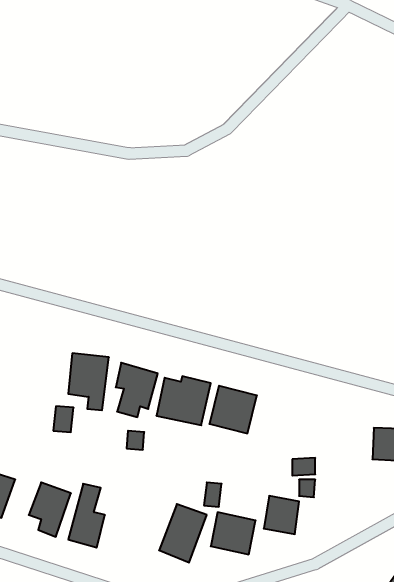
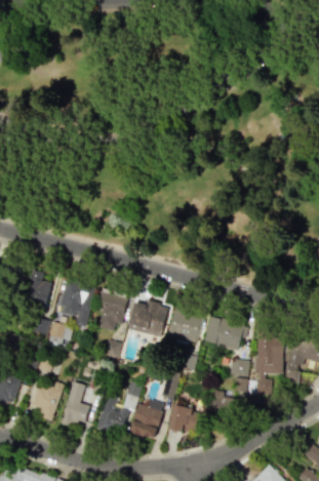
building: none -> [24,270,51,308]
building: none -> [204,318,243,349]
building: none -> [248,335,283,396]
building: none -> [97,383,141,434]

